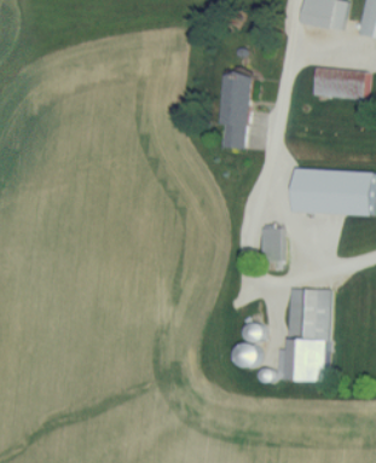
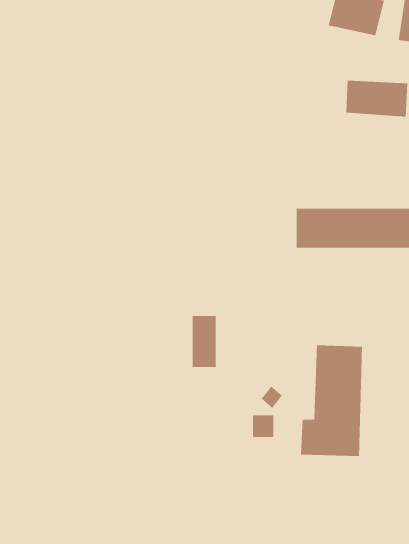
building: [220,74,250,149] -> none
building: [261,226,282,270] -> [192,315,217,368]

